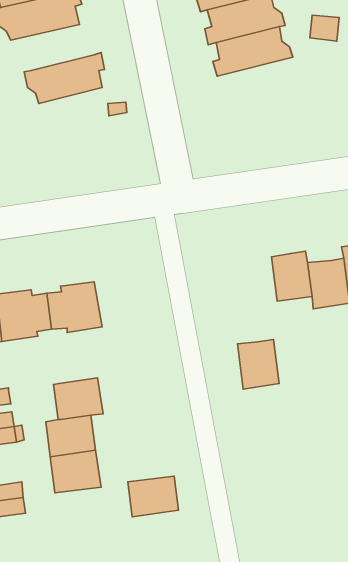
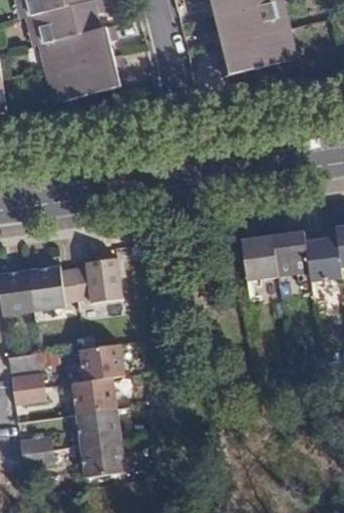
building: none -> [45,25,117,70]
building: [237,339,279,389] -> [241,236,278,280]
building: [128,476,179,517] -> [80,441,125,477]

